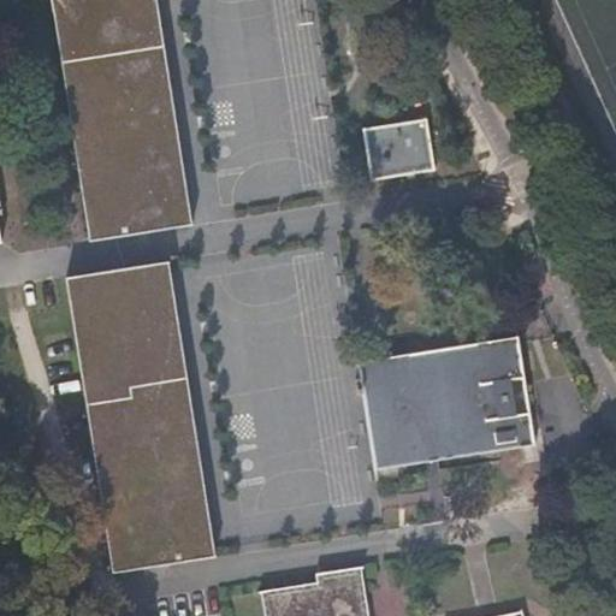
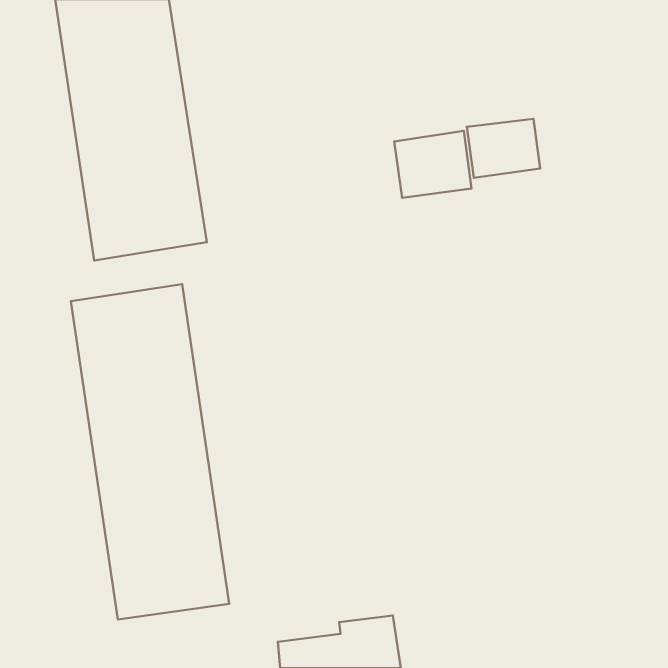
building: none -> [467,119,540,178]
building: [357,339,533,470] -> none

